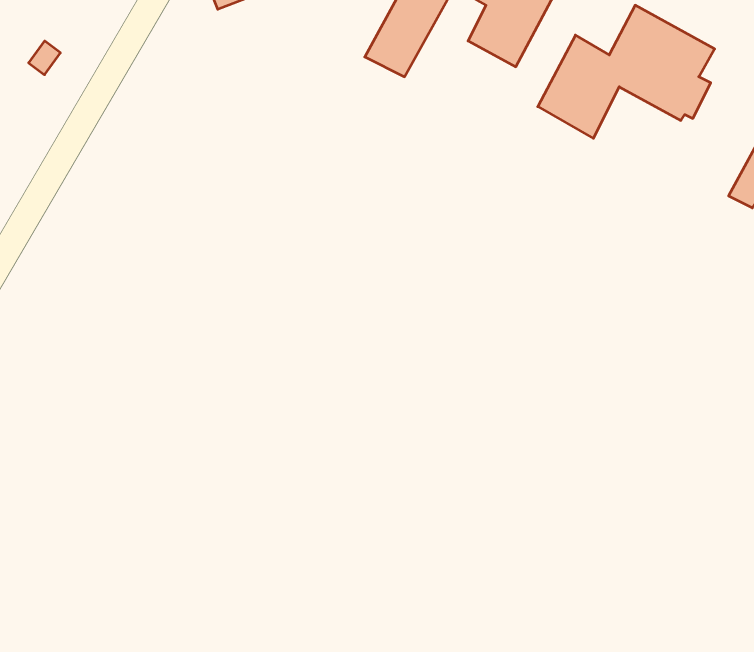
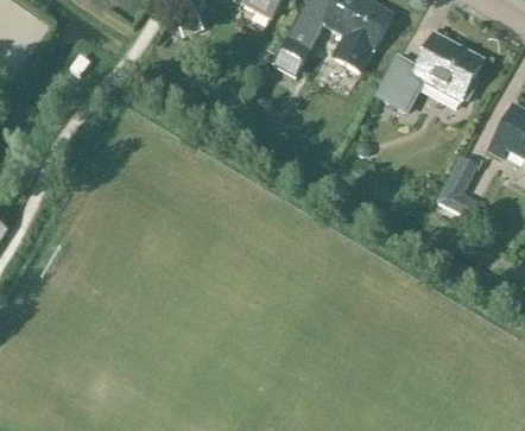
building: none -> [436,153,477,216]

